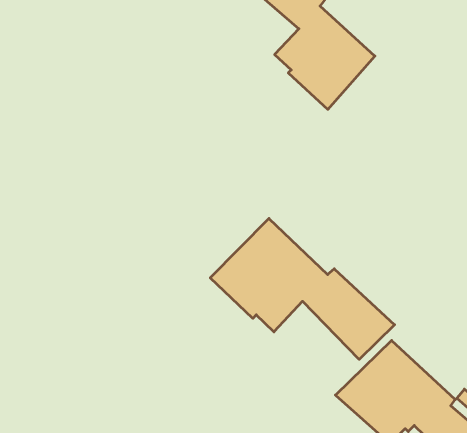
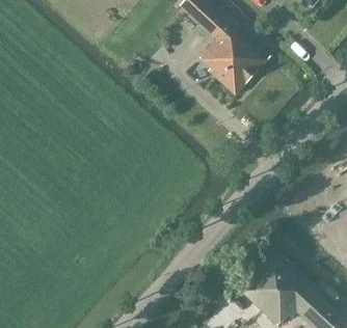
building: [210,218,395,359] -> none

